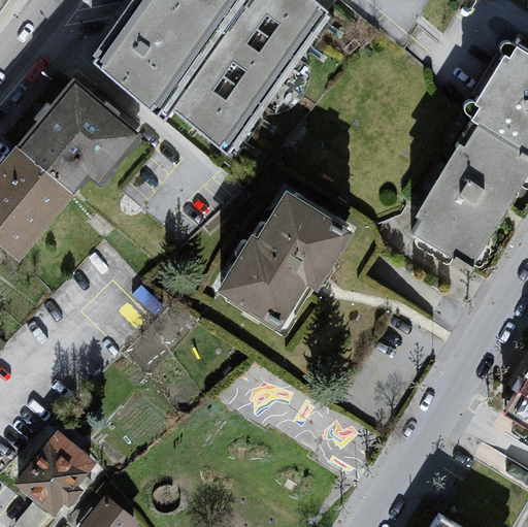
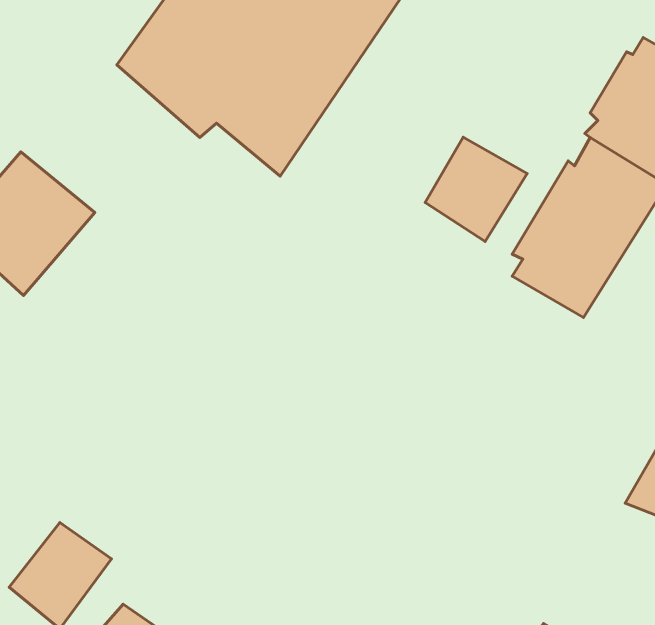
building: [21,76,143,189] -> none
building: none -> [425,137,527,242]
building: [216,178,354,321] -> none

